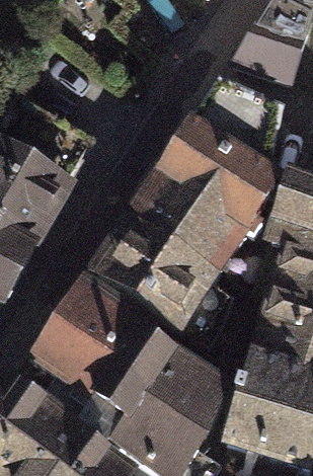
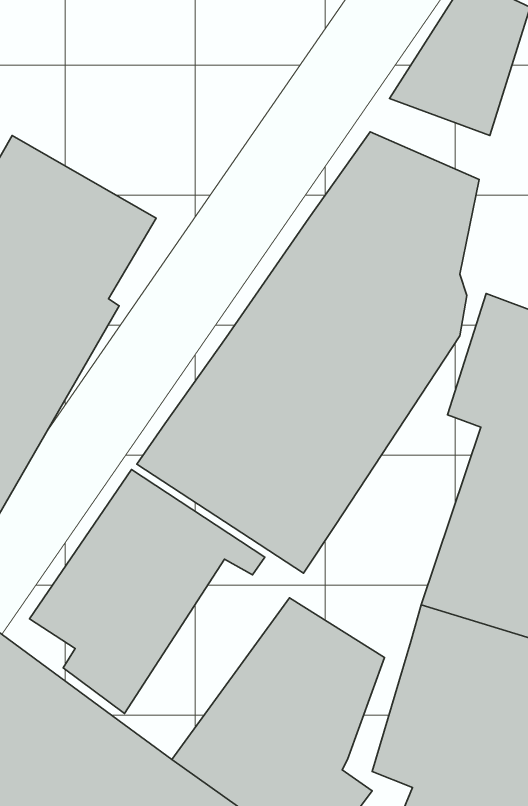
building: [73,330,171,446] -> none

